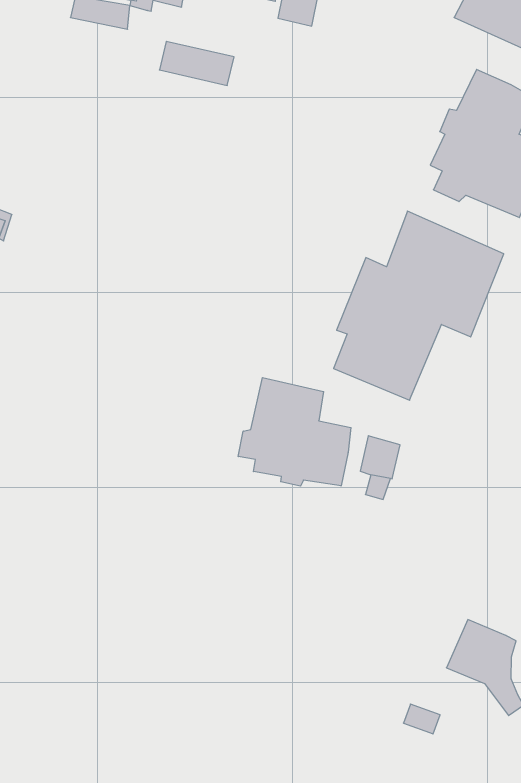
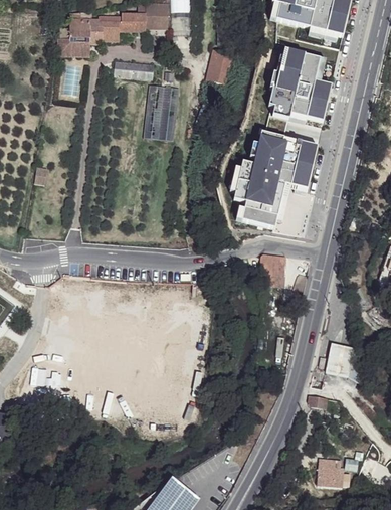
building: none -> [203,44,235,86]
building: none -> [146,80,179,135]
building: [238,378,351,486] -> none

